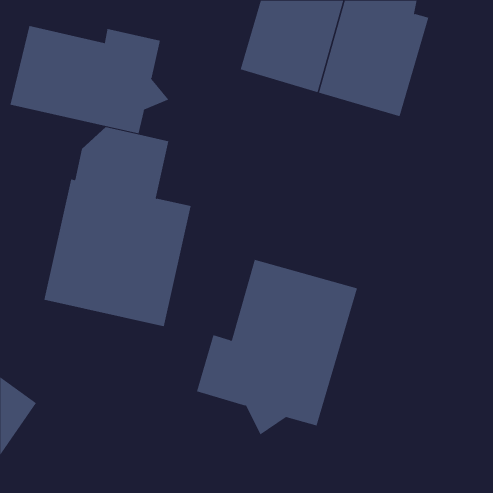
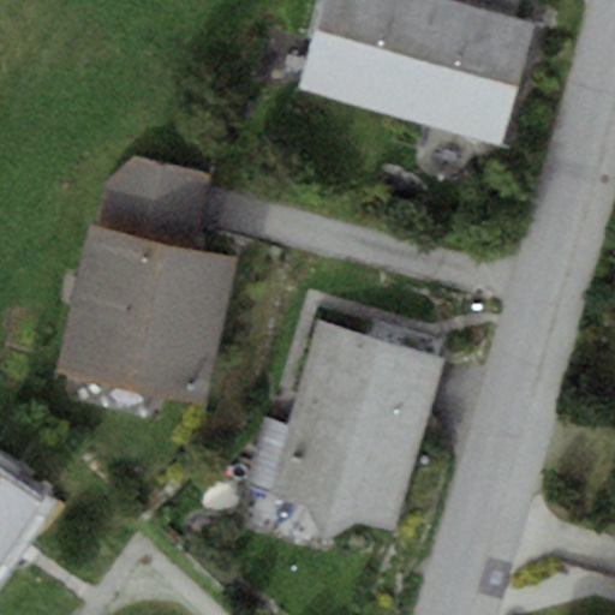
building: [10,25,169,134] -> none

